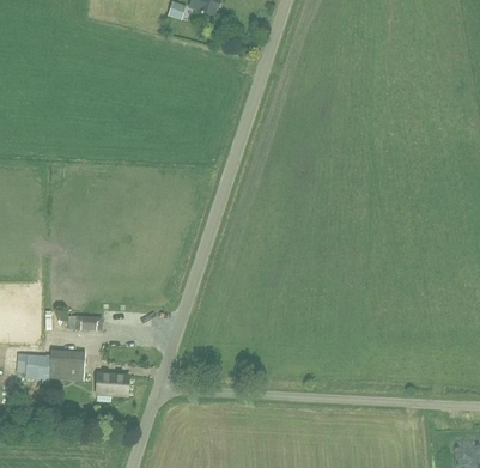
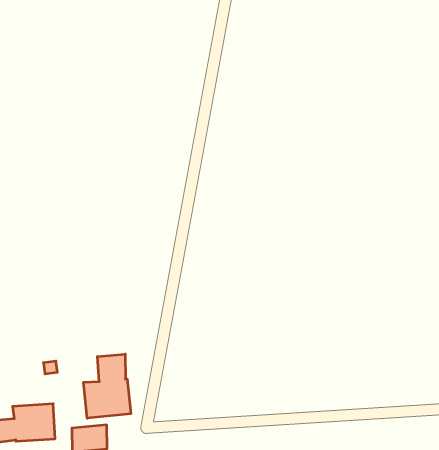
building: none -> [84,354,131,418]

